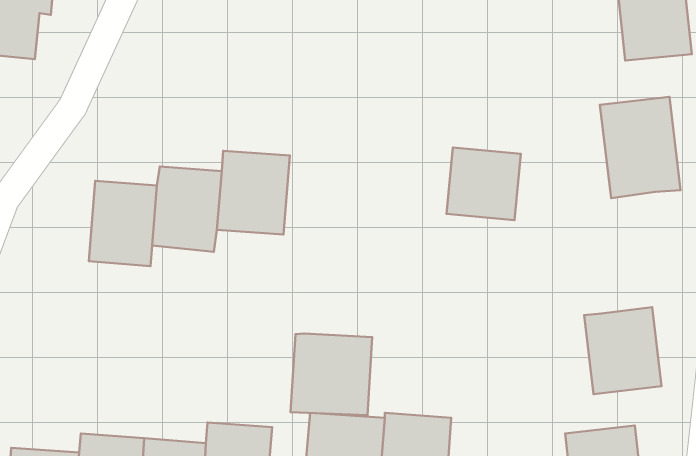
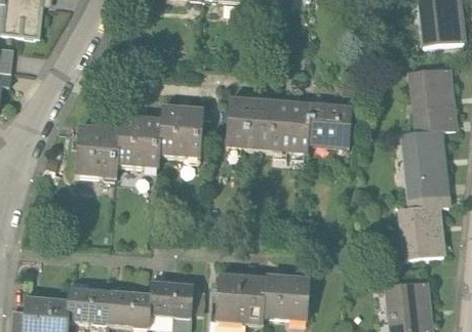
building: none -> [225,96,311,154]
building: none -> [398,130,451,209]
building: [291,334,372,415] -> none

